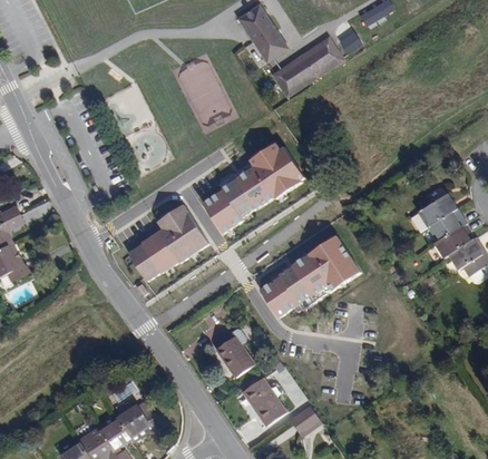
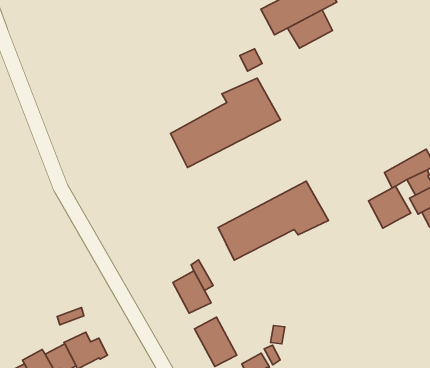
building: none -> [287,10,333,48]
building: [124,205,207,283] -> none
building: none -> [369,186,411,228]

